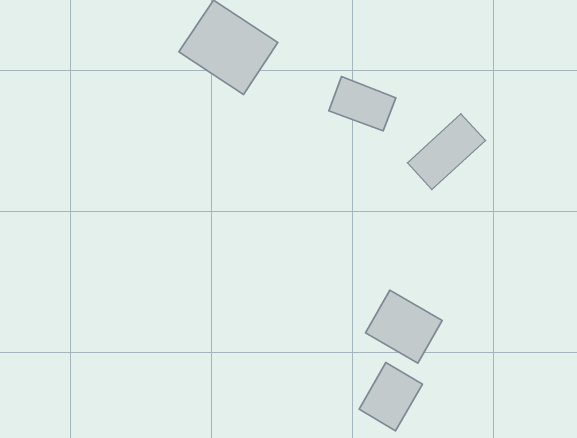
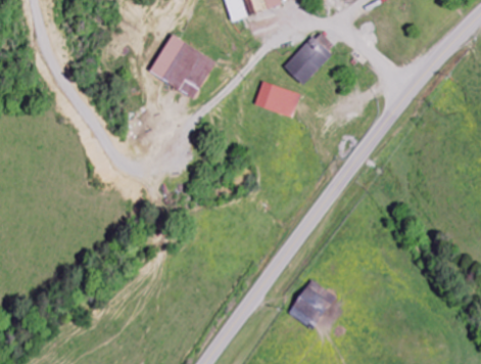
building: [407,114,485,189] -> [284,31,337,85]
building: [365,290,442,363] -> none

